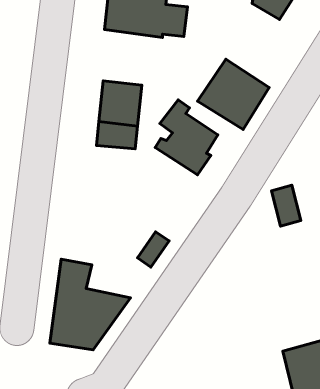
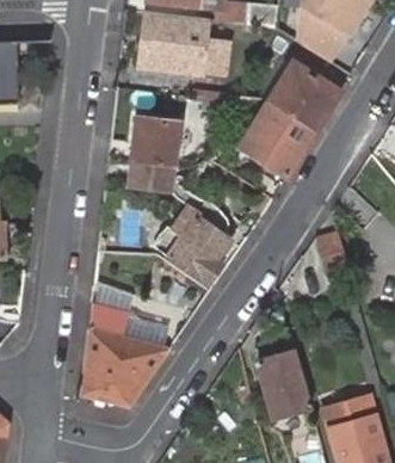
building: none -> [267,60,338,128]
building: [155,100,218,175] -> [162,202,228,280]
building: none -> [259,351,310,413]

